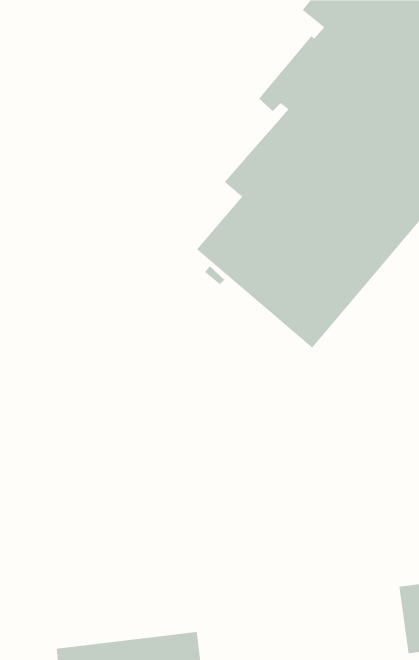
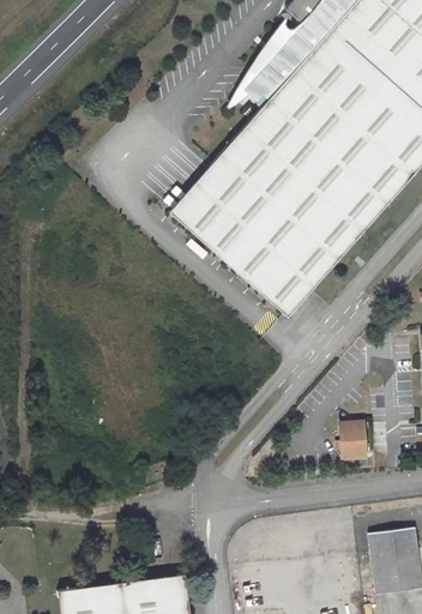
building: none -> [169,165,225,227]
building: none -> [339,421,366,458]

